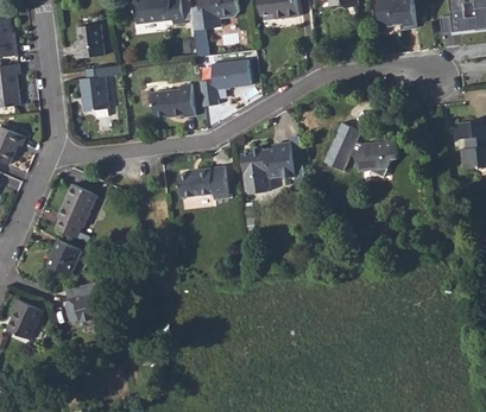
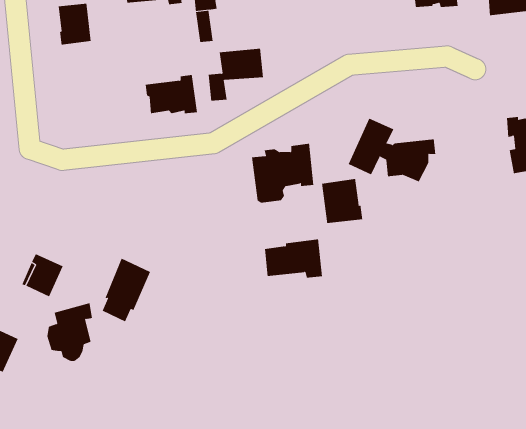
building: [80,63,120,108] -> none
building: [178,166,228,199] -> [264,239,323,278]
building: none -> [321,178,363,224]
building: [56,179,97,234] -> [102,258,151,322]

